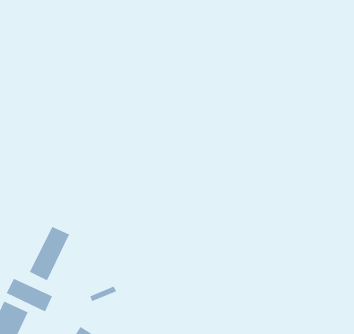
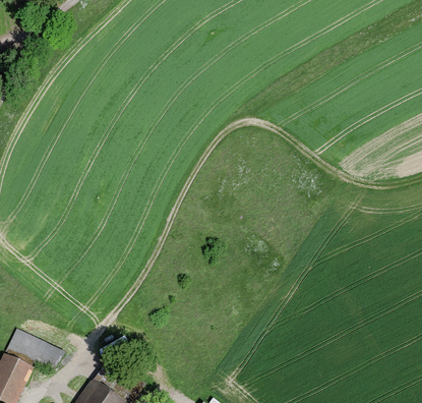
building: [29,226,70,281] -> none

